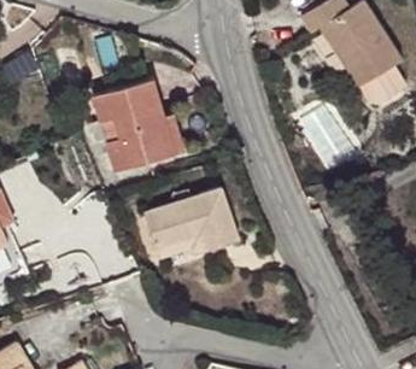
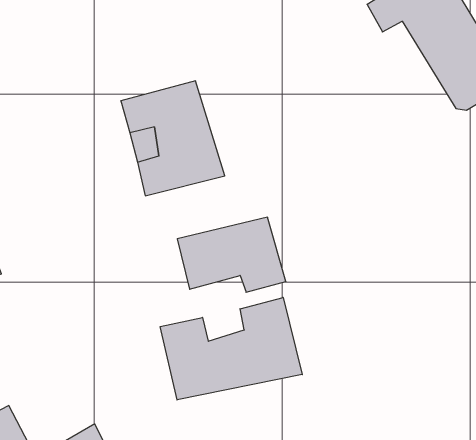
building: none -> [160,297,302,400]

